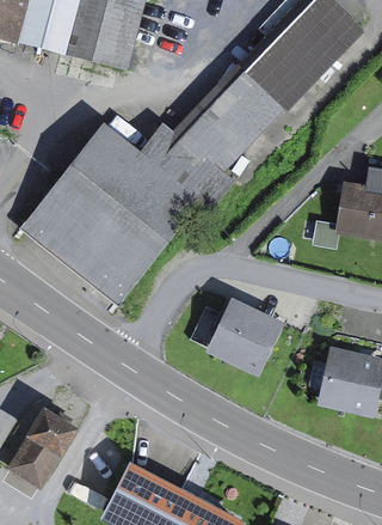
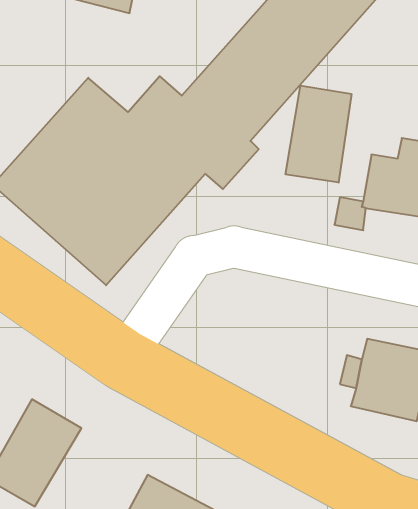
building: none -> [286,85,351,183]
building: [202,301,277,377] -> none

